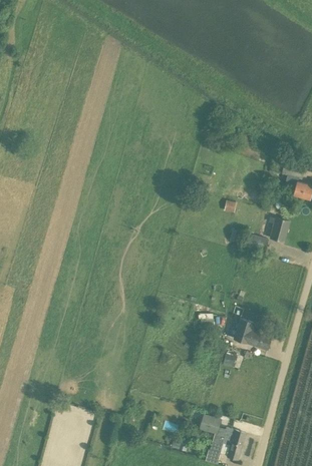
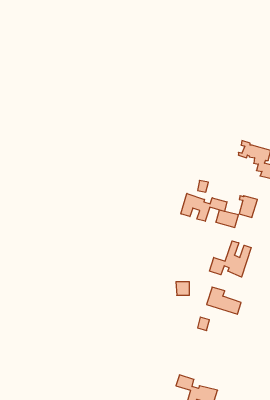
building: none -> [181,193,227,221]
building: none -> [209,241,251,277]

